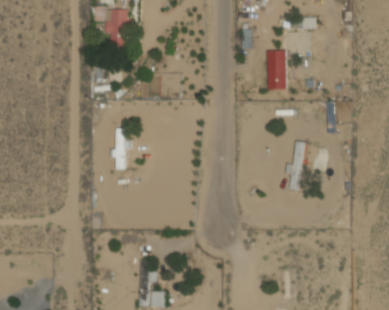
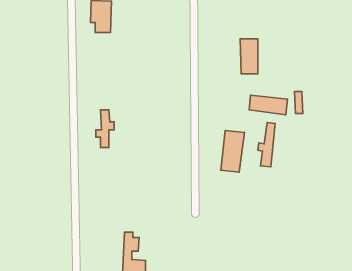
building: none -> [249,95,288,115]
building: none -> [221,130,244,172]

